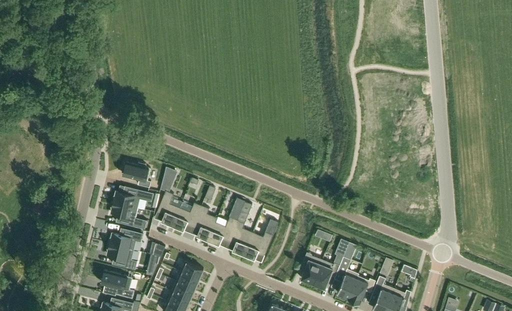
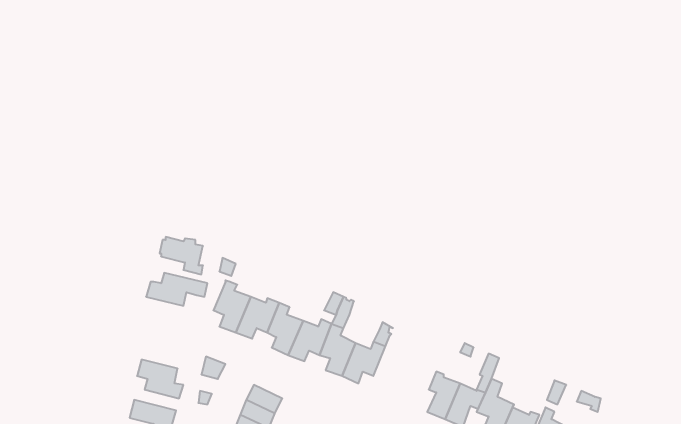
building: [110,202,146,229] -> none
building: [109,228,142,250] -> none

